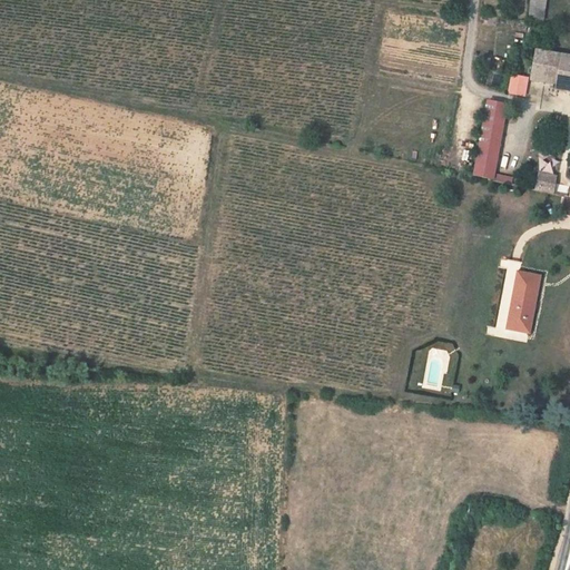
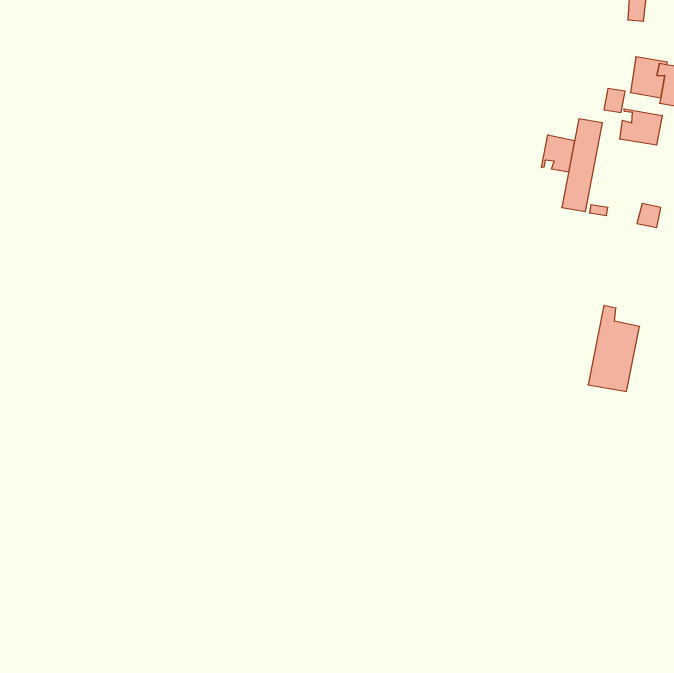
building: none -> [620,109,662,145]
building: none -> [542,135,574,172]

